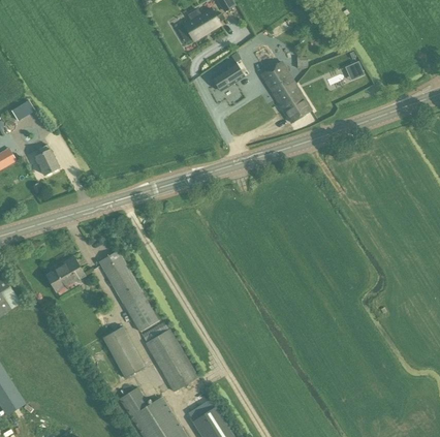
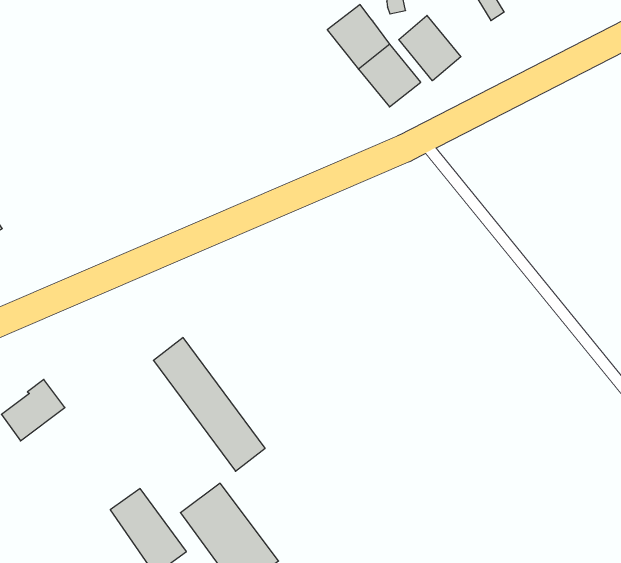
building: [211,62,243,91] -> none
building: none -> [399,15,461,81]
building: [99,250,158,331] -> [153,338,265,471]

